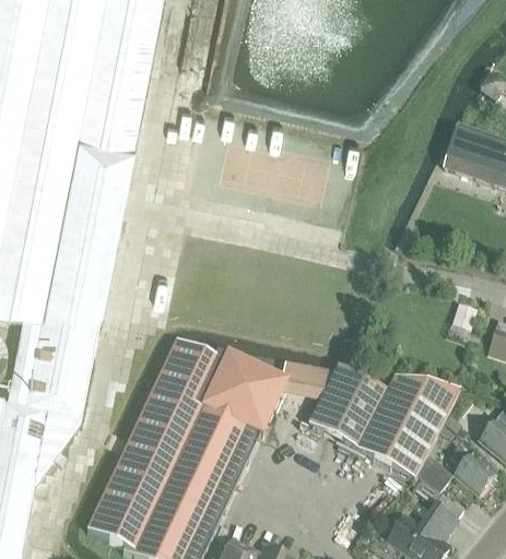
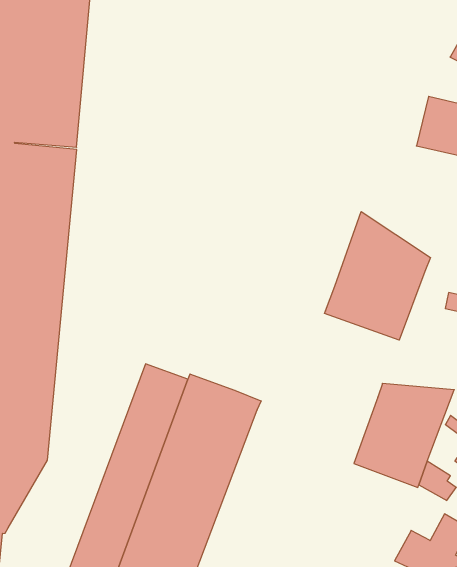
building: none -> [325,212,430,340]
building: [257,360,386,450] -> none

